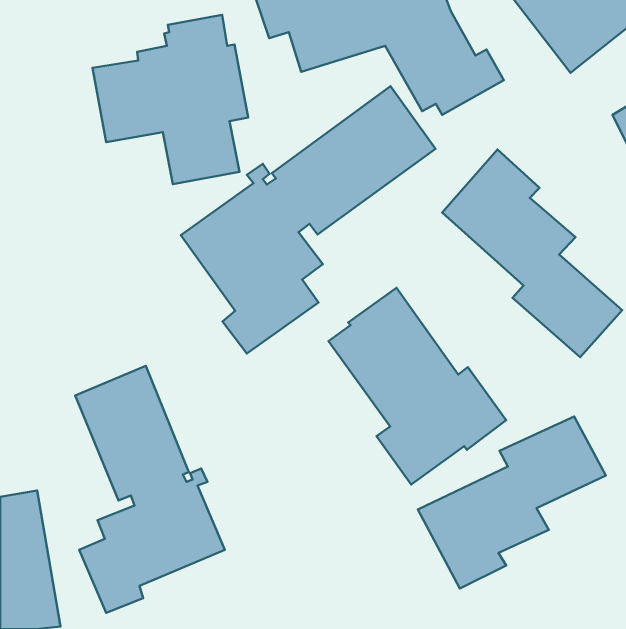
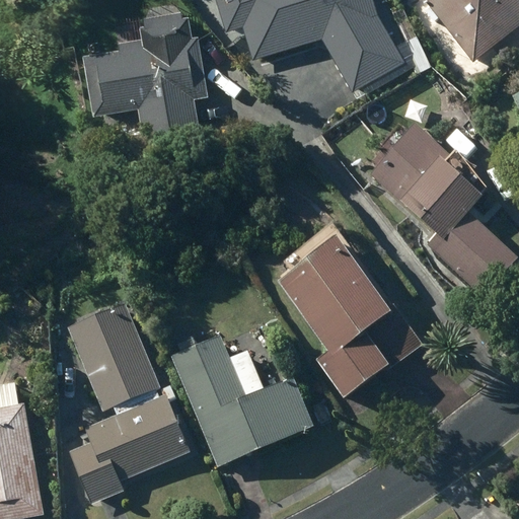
building: [181,86,435,354] -> none
building: none -> [170,335,312,465]
building: [418,416,606,588] -> none

